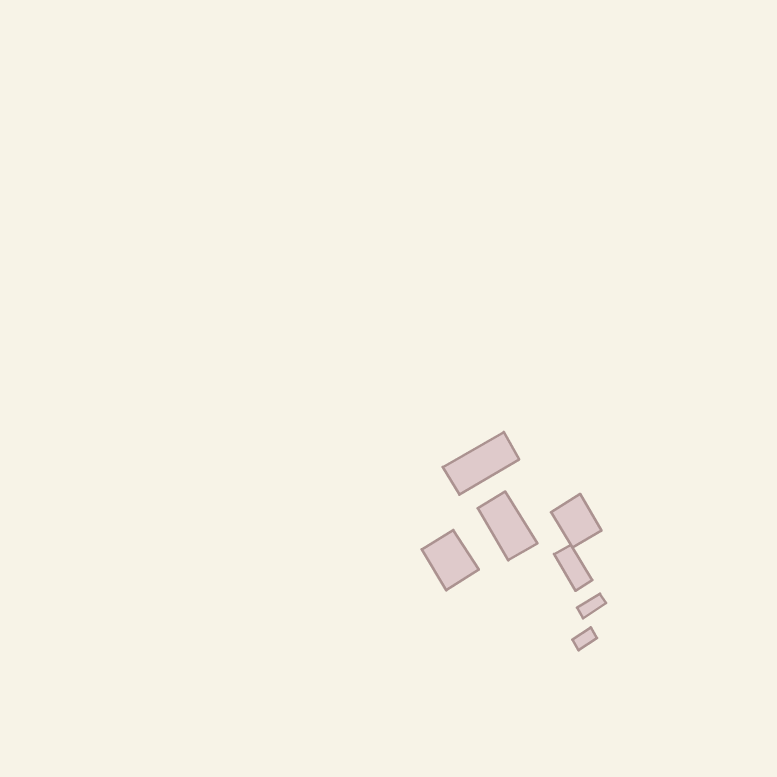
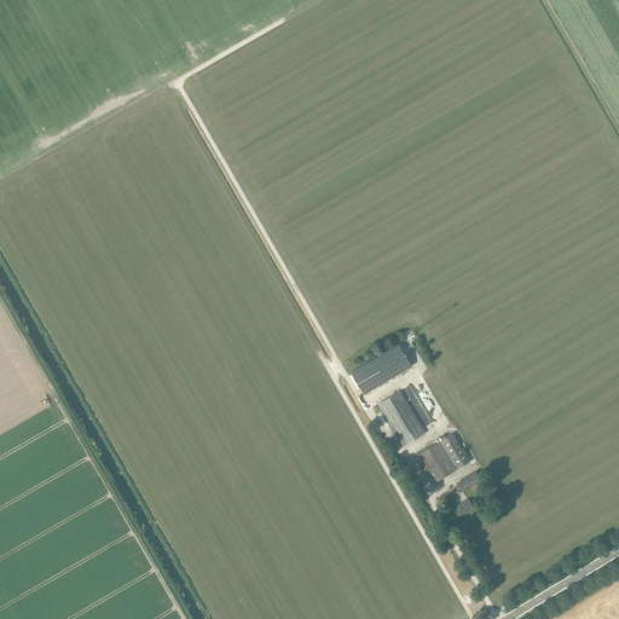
building: [551,494,601,547] -> [418,439,458,481]
building: [422,530,479,590] -> none

